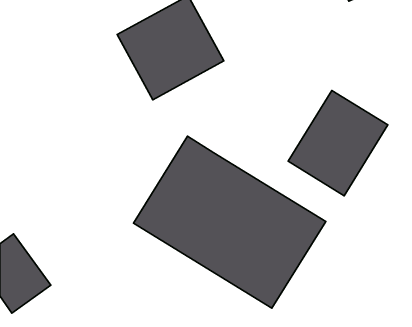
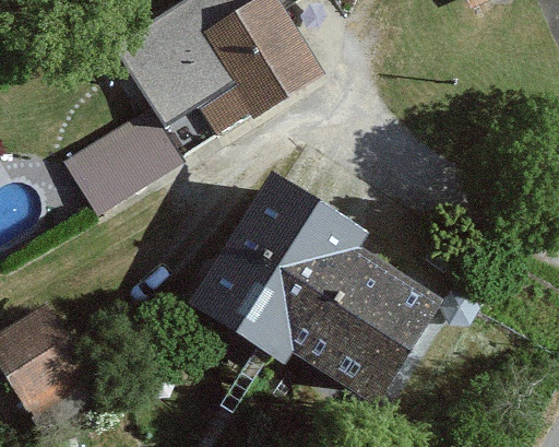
building: none -> [68,107,186,214]
building: [288,90,388,196] -> none

